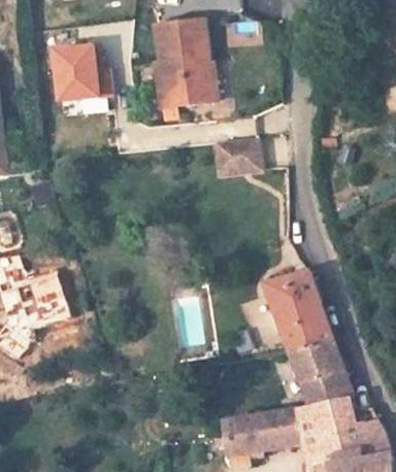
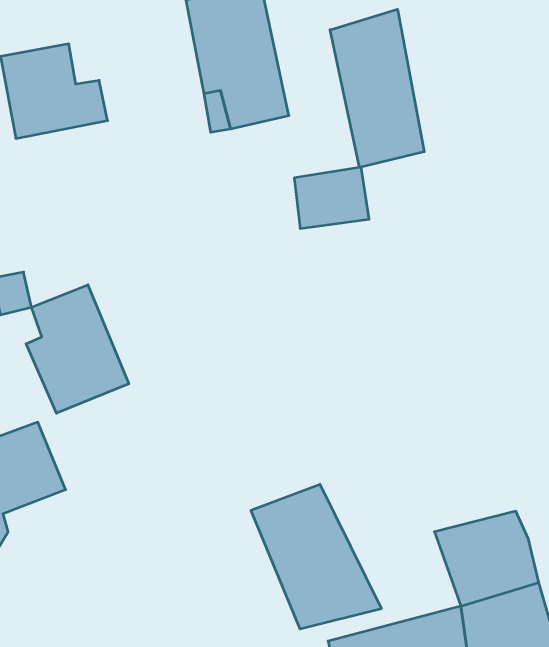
building: none -> [330,9,424,167]
building: none -> [26,285,129,413]
building: [266,273,340,360] -> [251,484,381,629]

